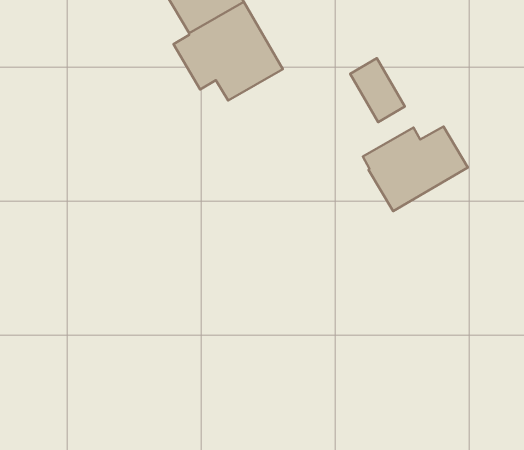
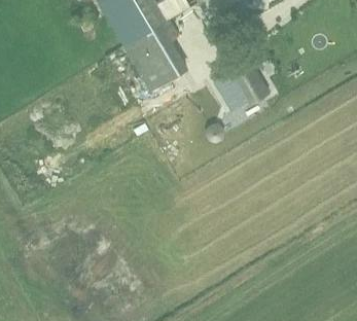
building: [363,127,468,211] -> none

